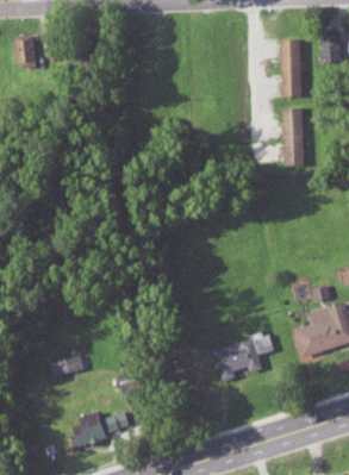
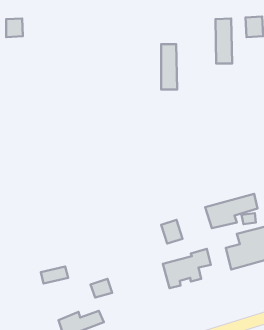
building: [283,108,304,165] -> [161,44,177,89]
building: none -> [205,194,258,228]
building: none -> [161,220,182,244]

